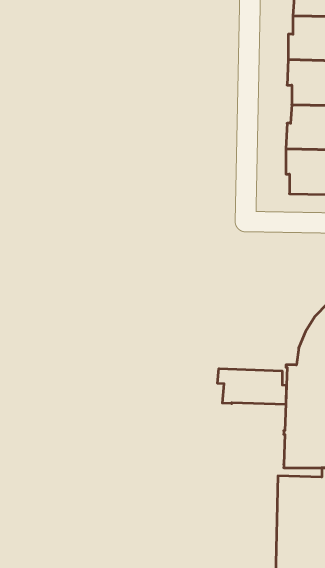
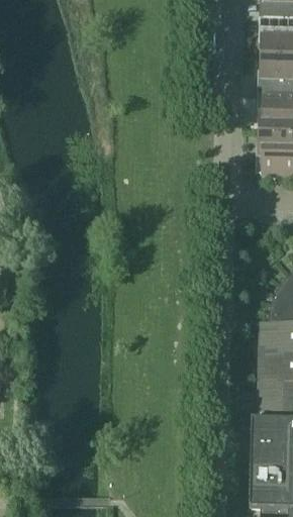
building: [218,369,286,405] -> none

